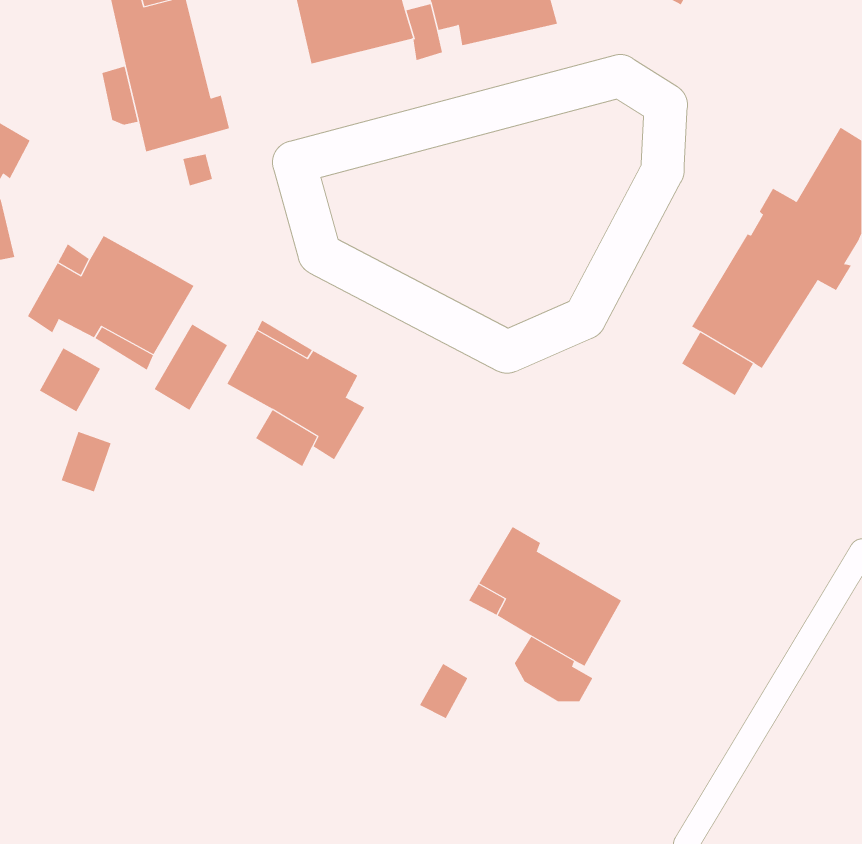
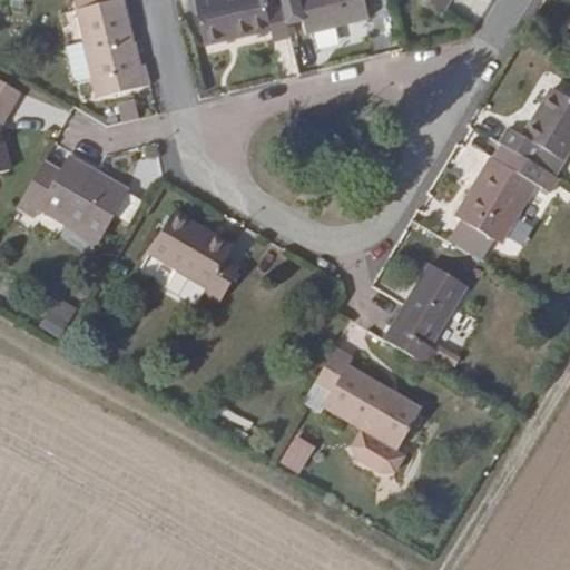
building: [154,323,228,411] -> none
building: [39,347,101,412] -> none
building: none -> [386,262,472,367]

